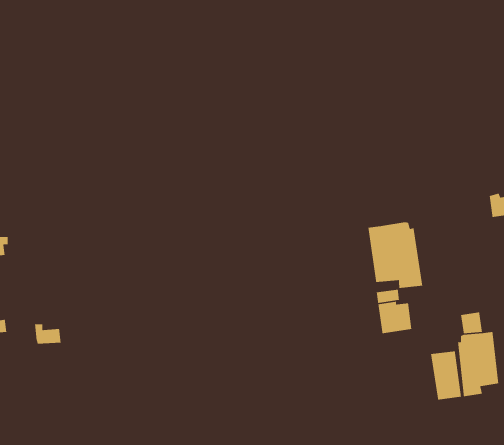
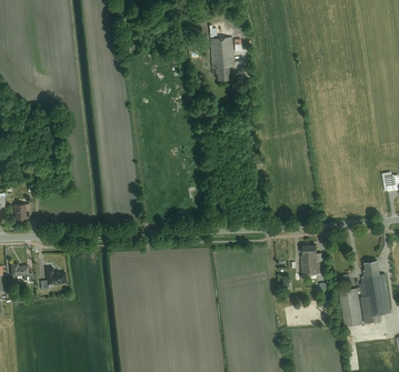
building: none -> [210,38,236,81]
building: [367,221,423,289] -> none

